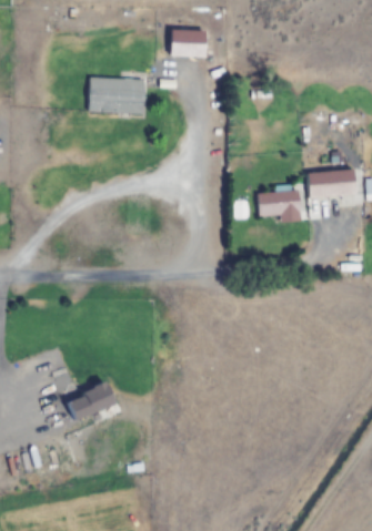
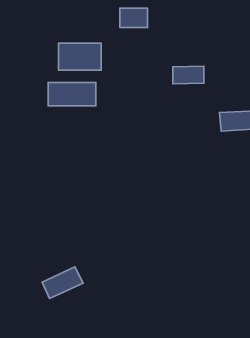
building: none -> [48,83,96,106]
building: [259,191,301,215] -> [173,66,204,84]

